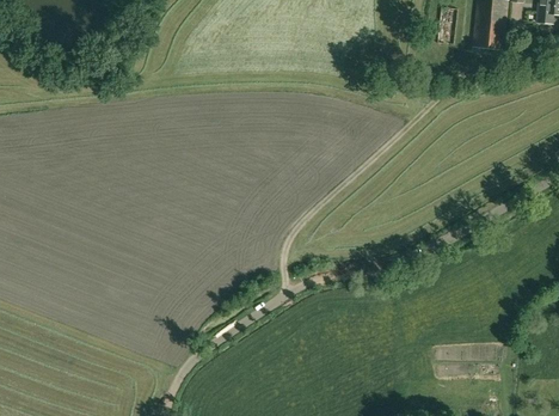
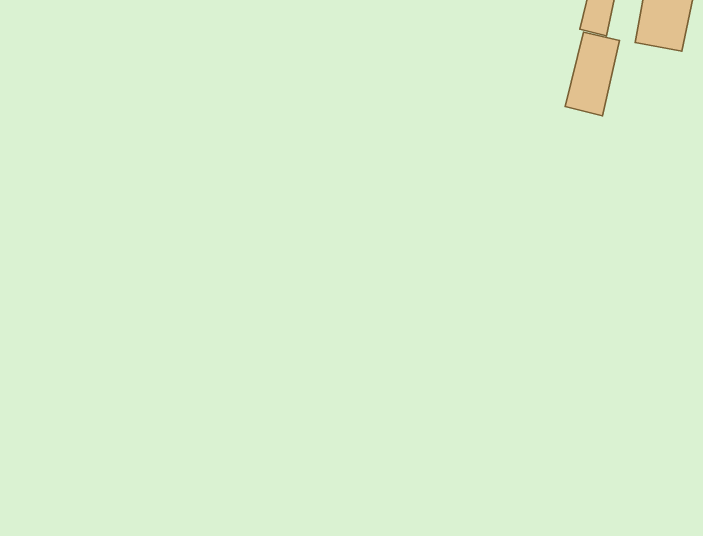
building: none -> [565,32,619,116]

